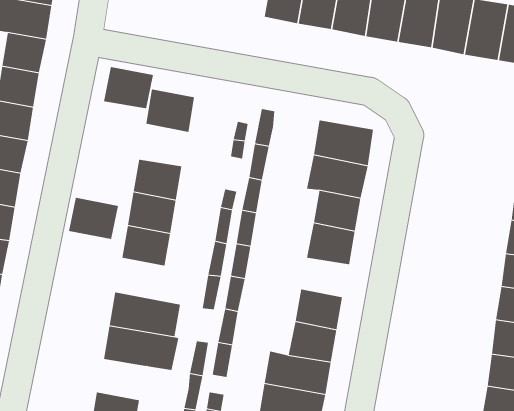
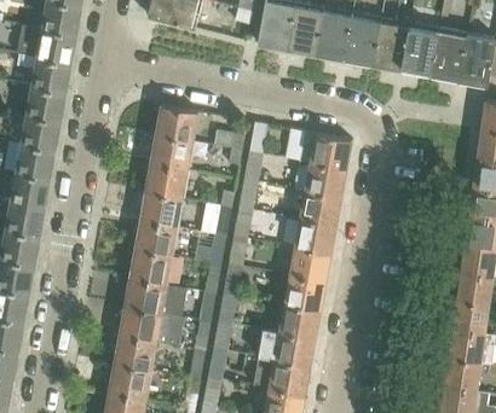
building: [103,66,154,109] -> [149,135,192,171]
building: [68,197,119,240] -> [128,250,172,286]
building: none -> [288,250,330,284]
building: none -> [113,337,156,372]

